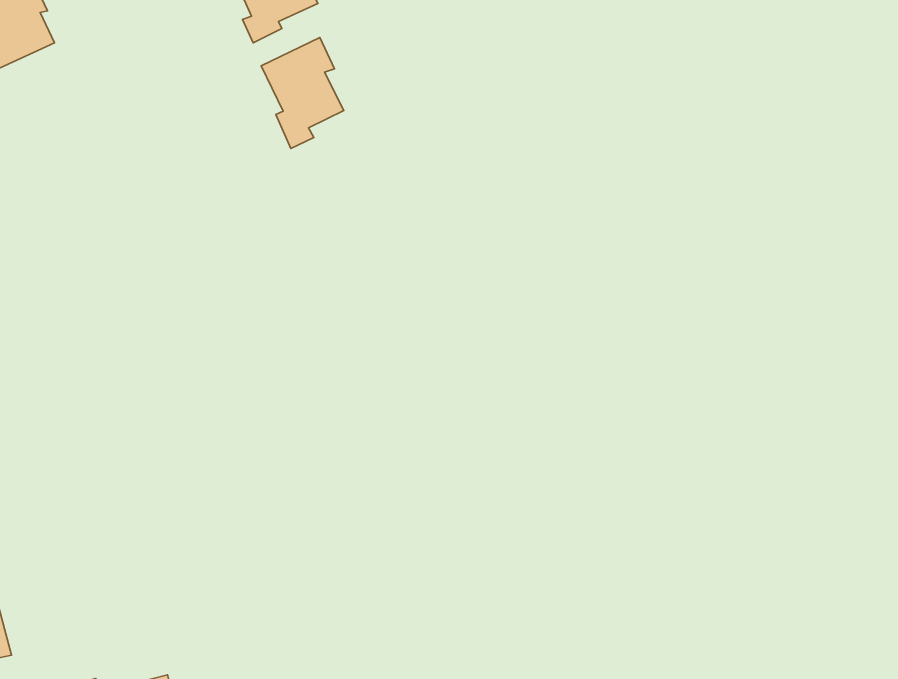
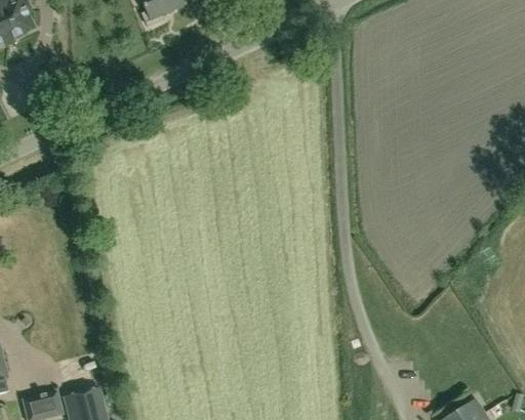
building: [261,38,344,149] -> none

